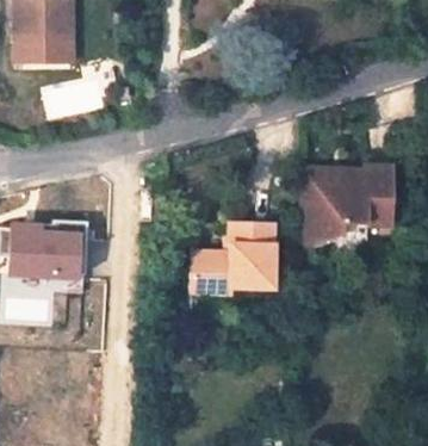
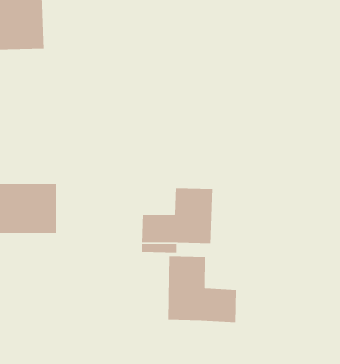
building: [300,159,391,243] -> none
building: none -> [167,255,237,323]

